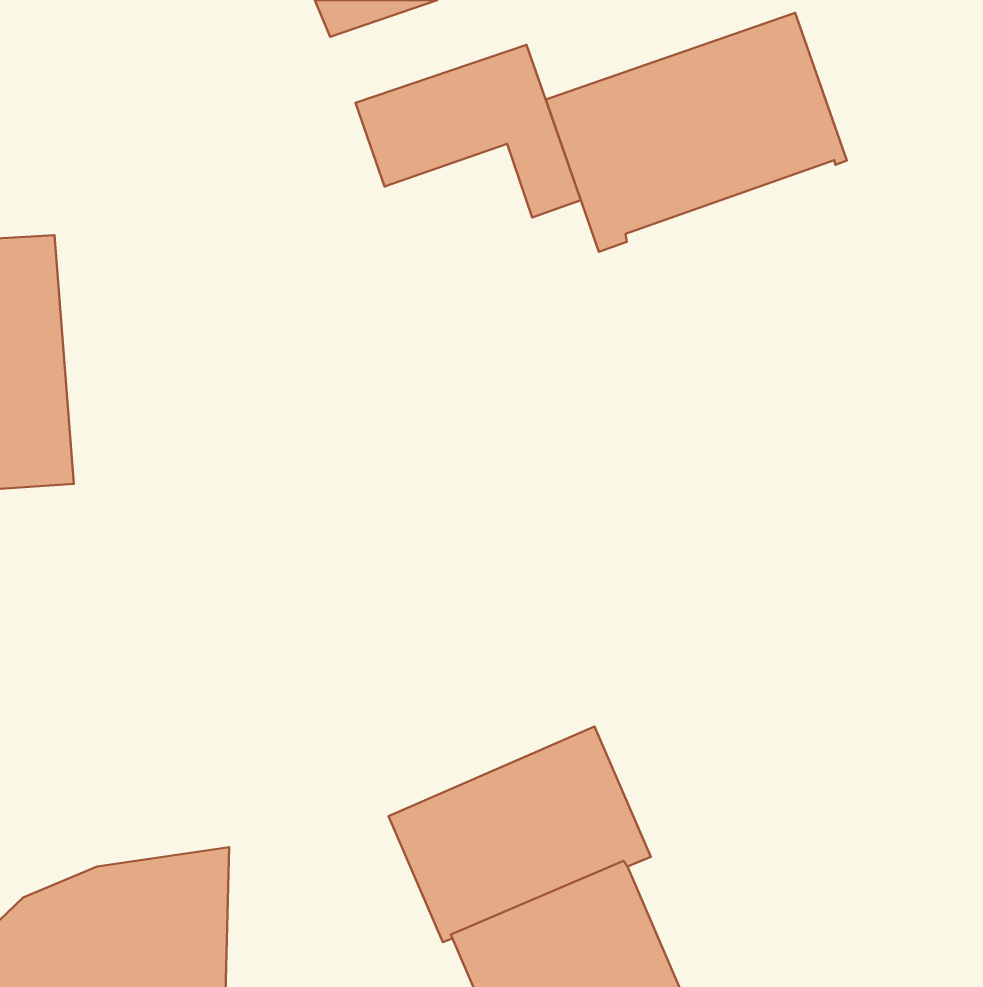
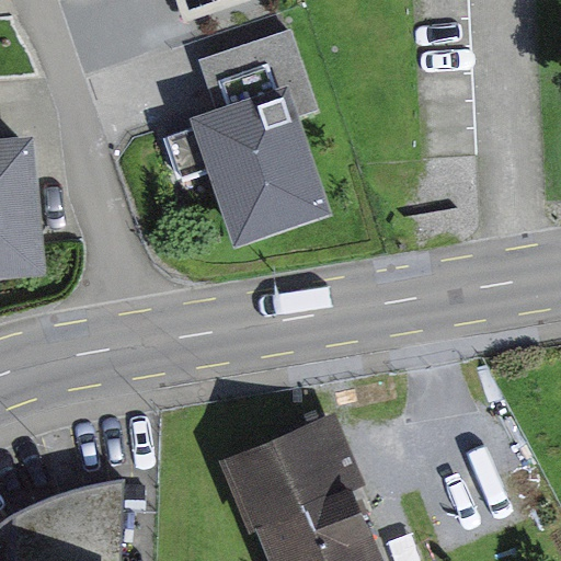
building: [546,13,847,252] -> none
building: none -> [167,84,330,247]

